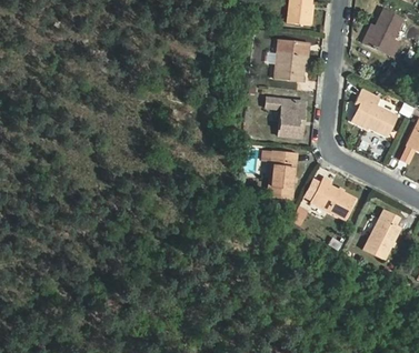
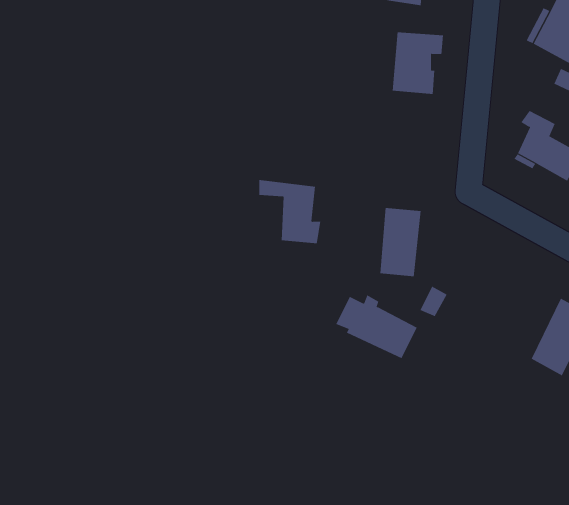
building: [267,95,307,137] -> [258,180,321,244]
building: [308,174,360,215] -> [336,294,417,359]

